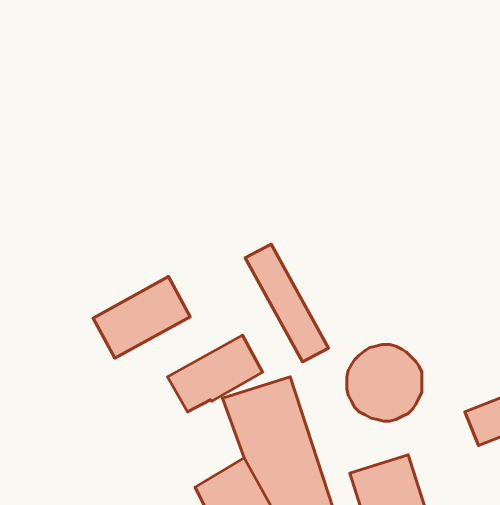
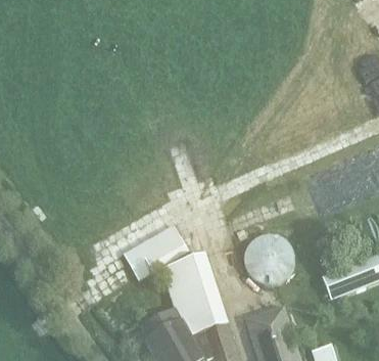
building: [245,244,329,362] -> none
building: [93,277,190,358] -> none

